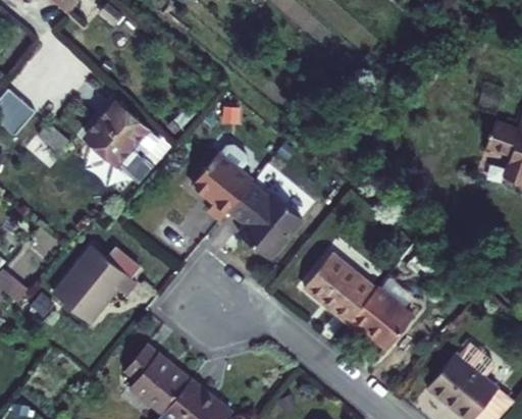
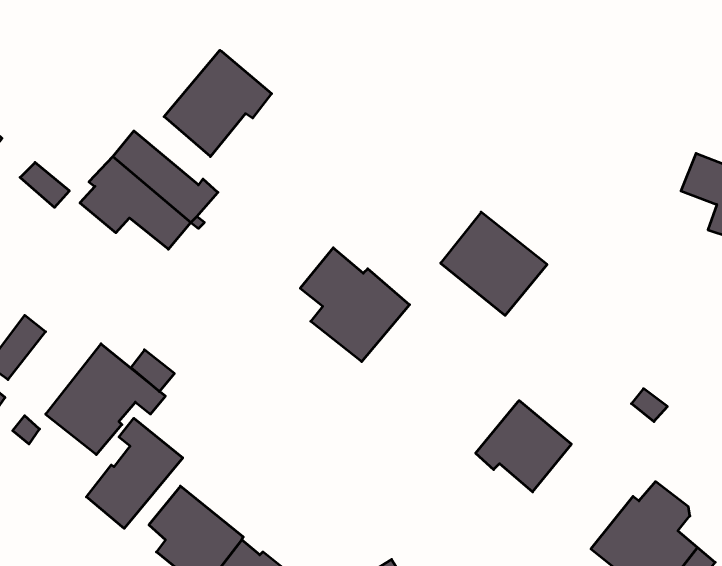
building: none -> [164,50,272,157]
building: [192,153,253,220] -> none
building: [304,252,376,322] -> [441,212,547,315]
building: none -> [86,418,183,528]

